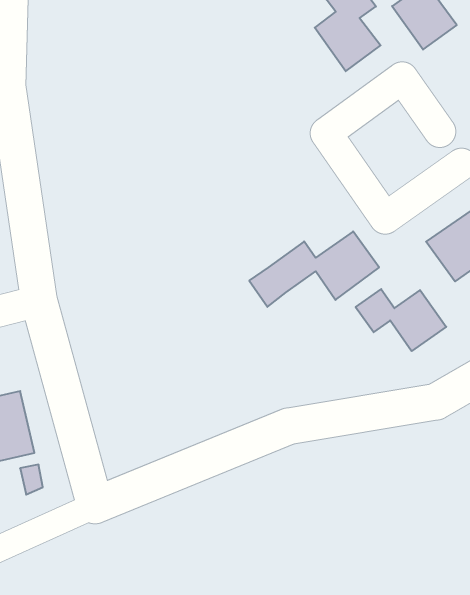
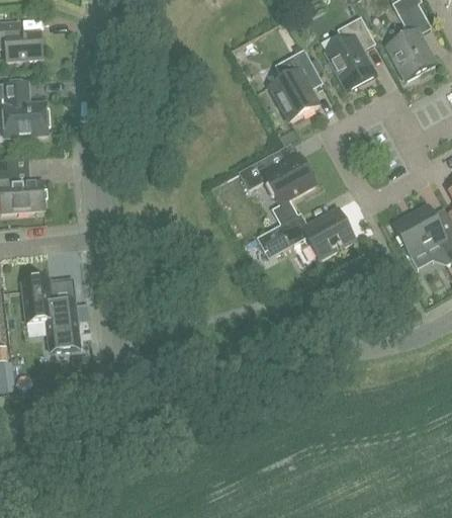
building: none -> [269,48,324,119]
building: none -> [239,148,315,203]
building: [356,289,446,351] -> none

